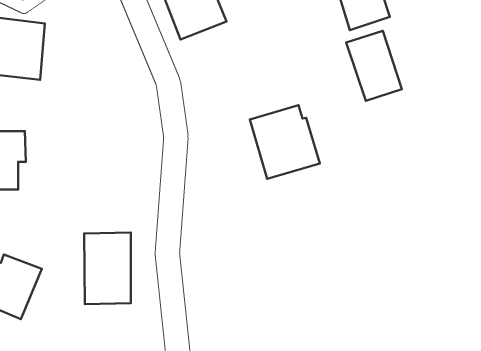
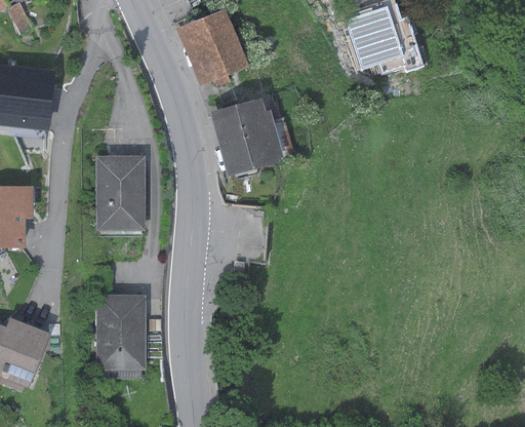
building: [346,31,402,101] -> none
building: none -> [95,156,146,232]
building: [250,105,320,179] -> [209,98,284,177]

